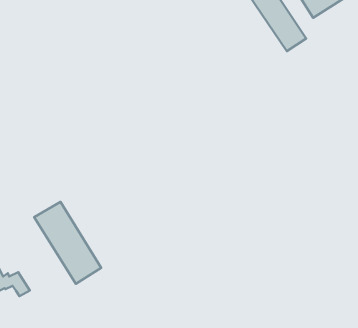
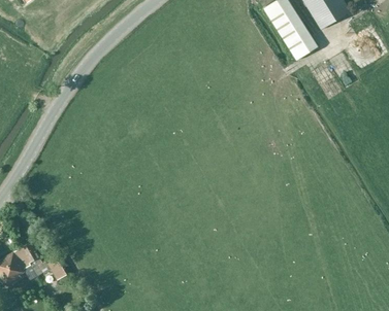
building: [34,202,101,284] -> none

